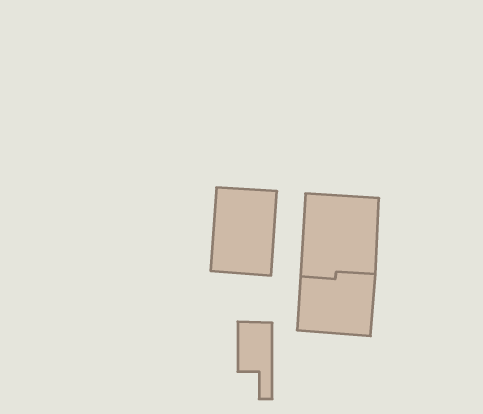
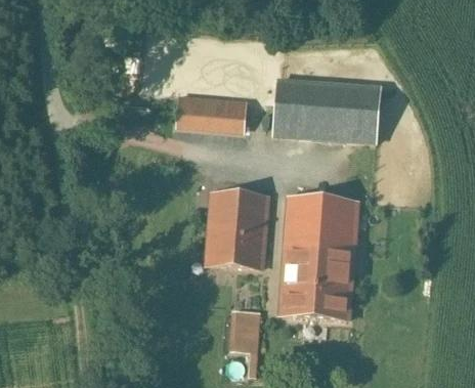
building: none -> [274,82,380,142]
building: none -> [174,95,245,131]

